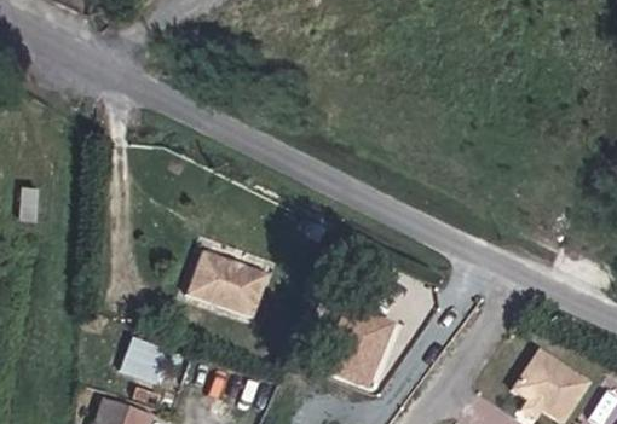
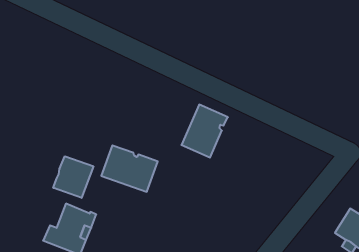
building: none -> [53,156,93,198]
building: [321,312,387,388] -> [181,105,228,158]

